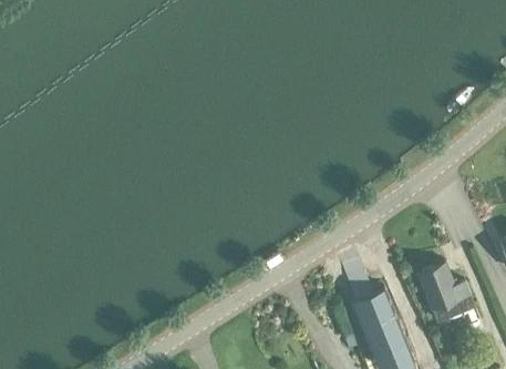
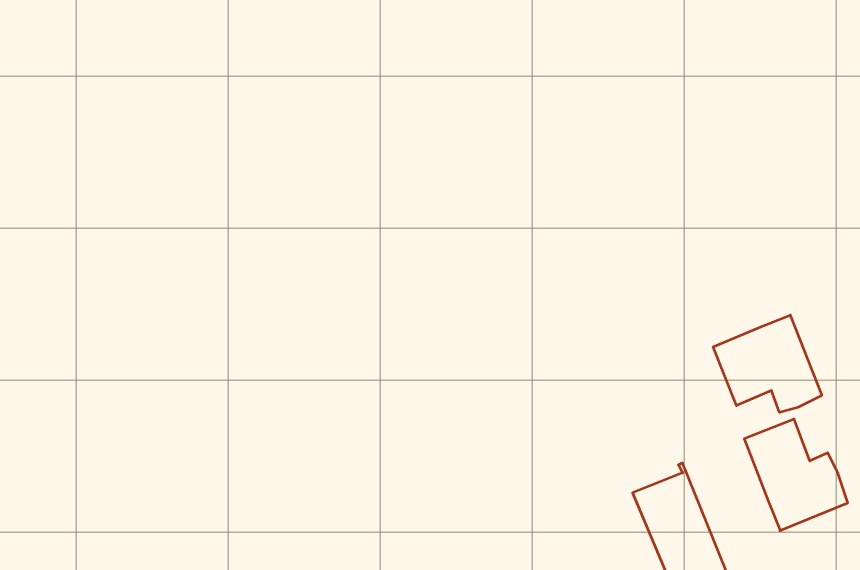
building: none -> [713,315,822,412]

